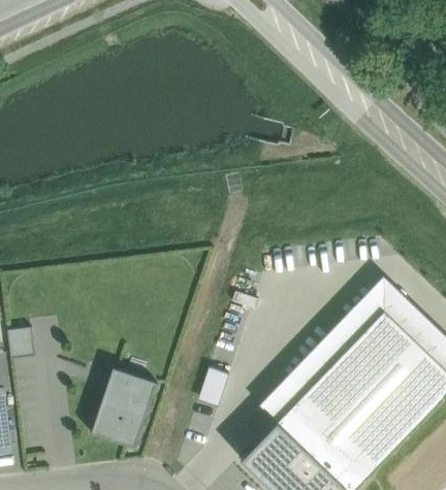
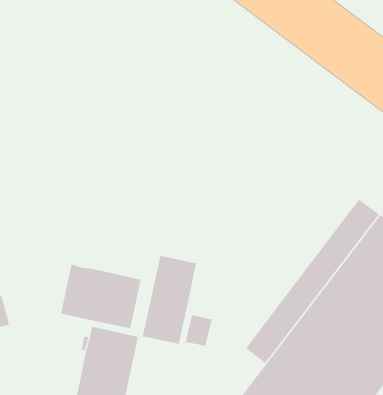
building: none -> [61,264,141,329]
building: none -> [142,255,197,345]

